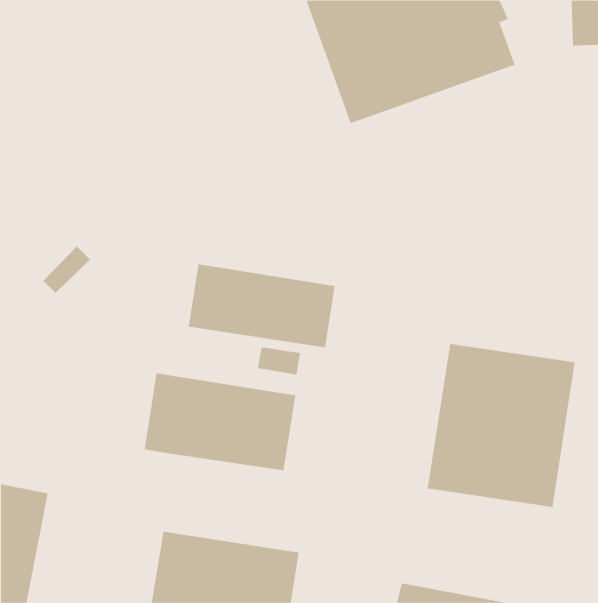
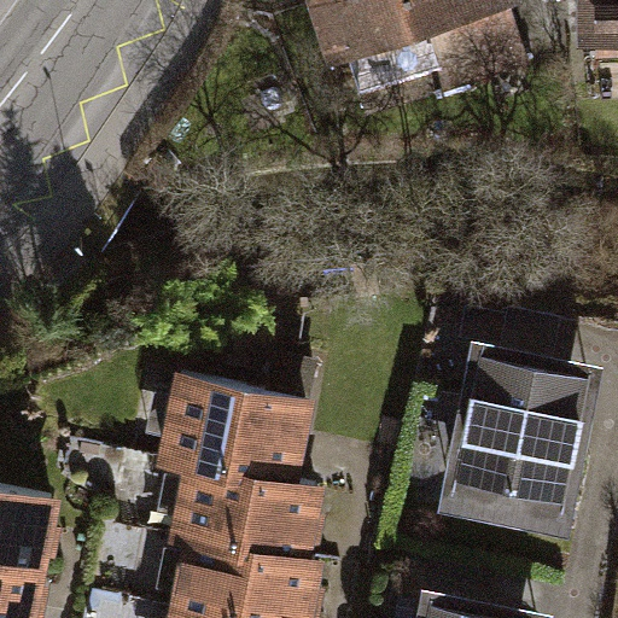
building: [188,264,335,348] -> none
building: none -> [161,464,315,564]

